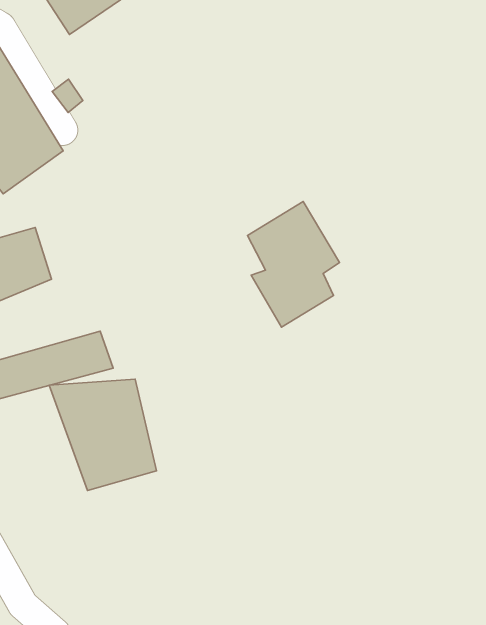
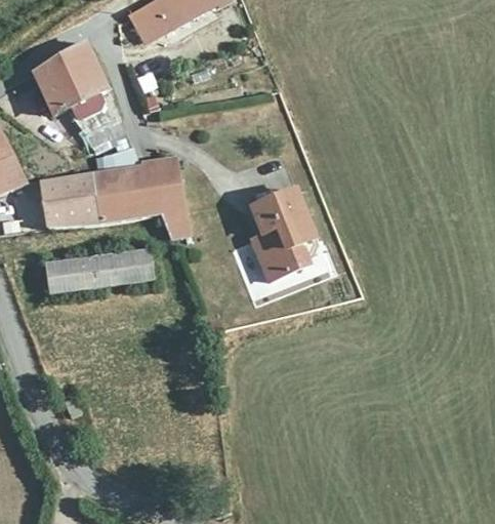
building: none -> [95,156,178,233]
building: [49,379,157,491] -> none

